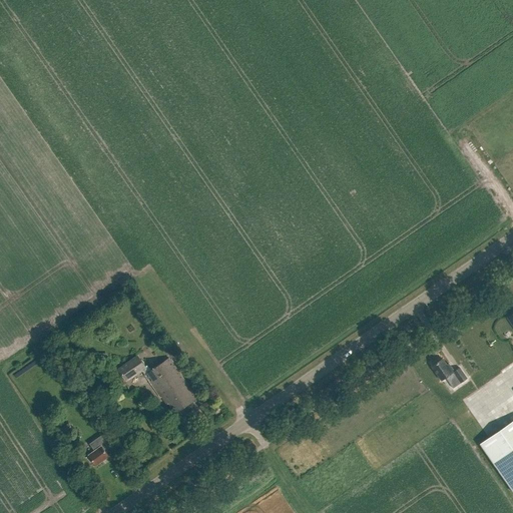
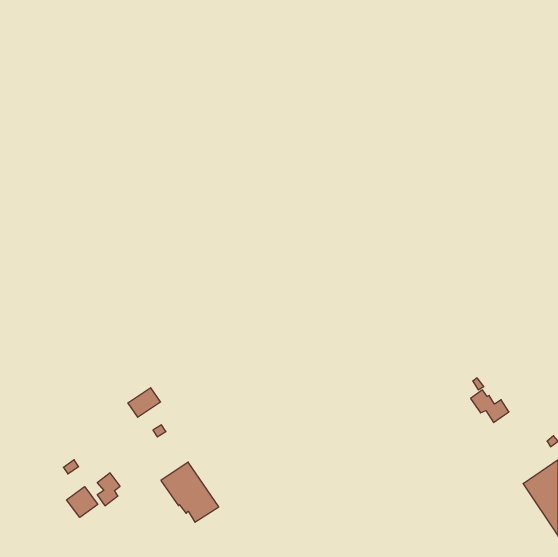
building: [144,357,197,412] -> [161,462,219,522]
building: none -> [67,487,98,517]

